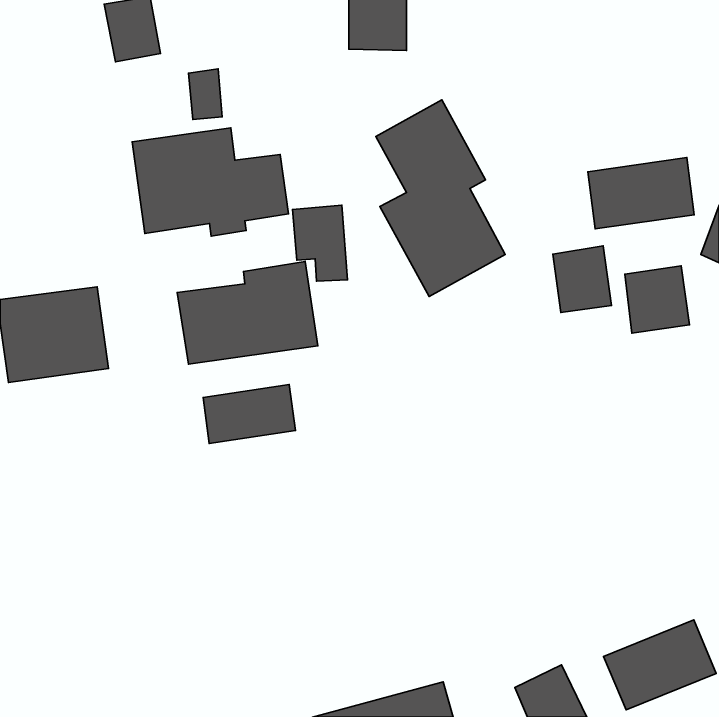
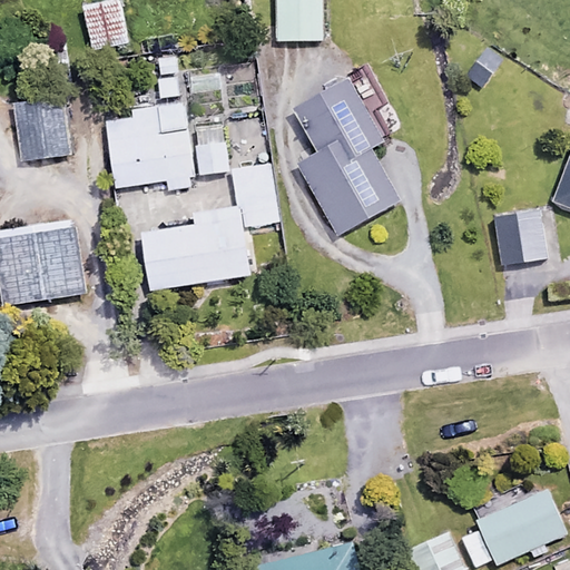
building: none -> [17,99,71,159]
building: [588,158,694,229] -> none
building: [553,246,612,313] -> none
building: [203,384,296,443] -> none

